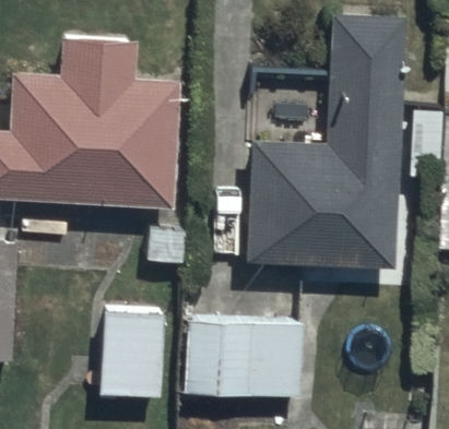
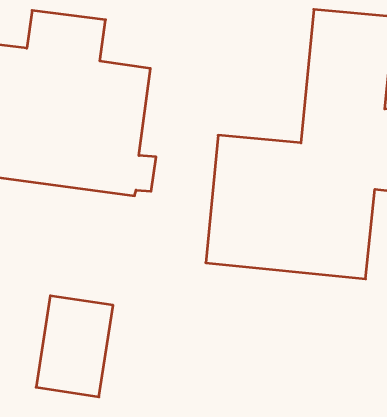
building: [184,321,299,398] -> none

